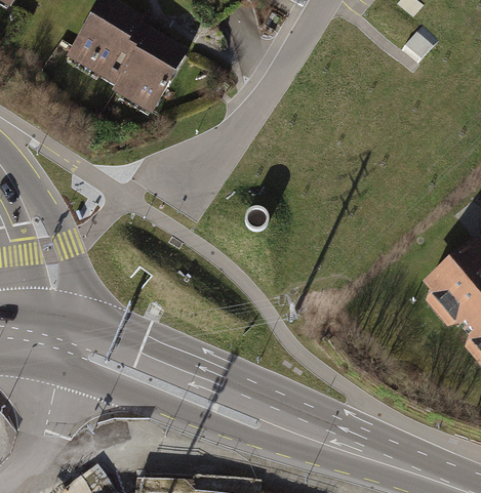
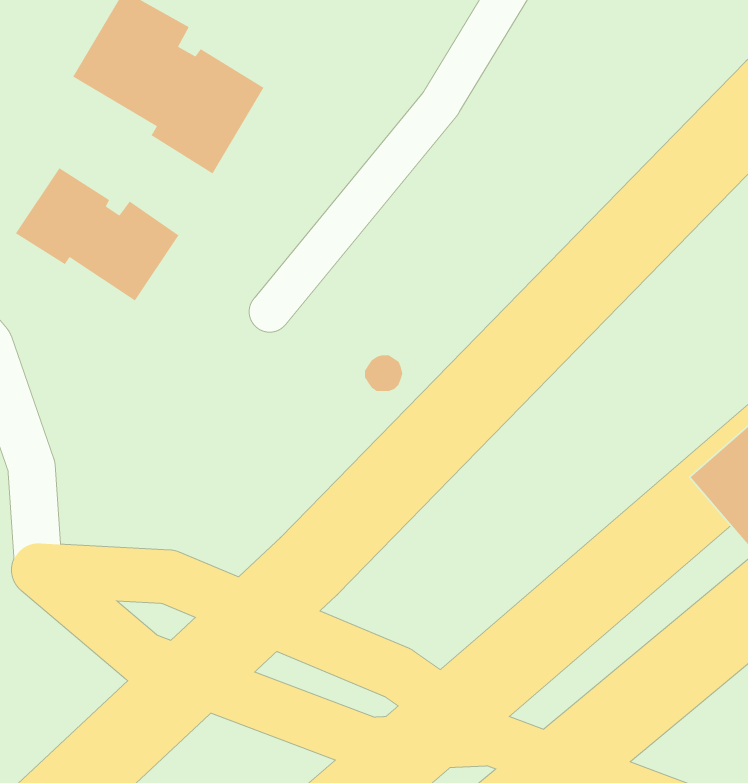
building: none -> [15,167,180,302]

